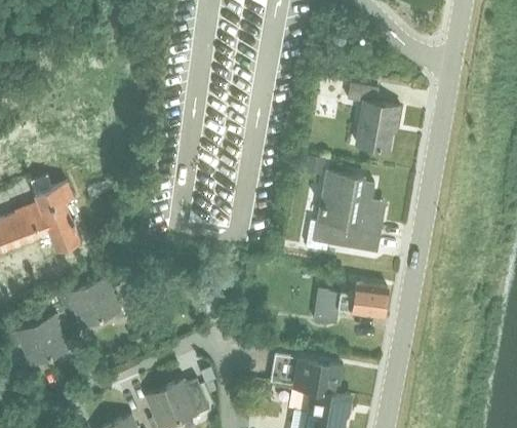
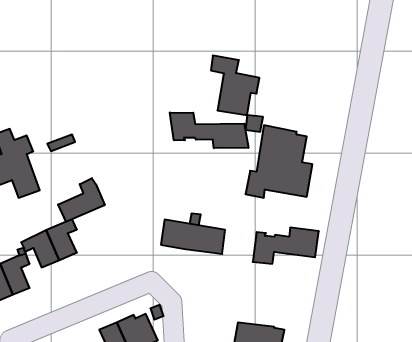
building: [349,83,402,149] -> [211,56,259,115]
building: none -> [170,112,248,148]
building: none -> [58,178,105,222]
building: [271,355,342,393] -> [161,220,225,254]

